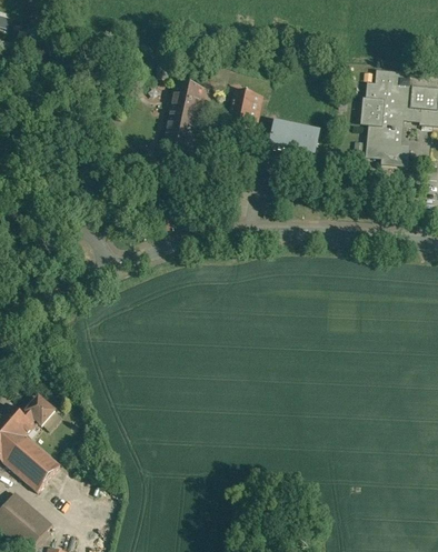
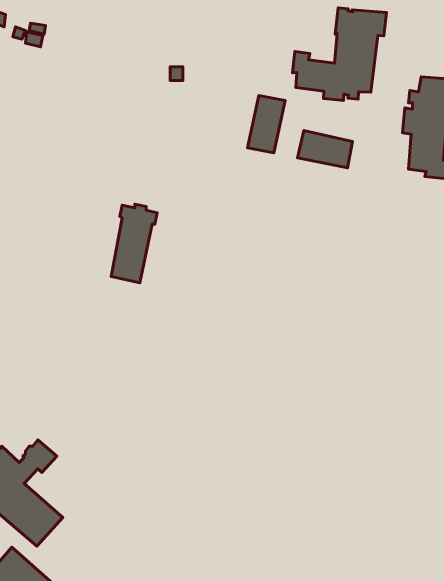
building: none -> [293,8,386,100]
building: [163,80,205,150] -> [111,204,157,283]

